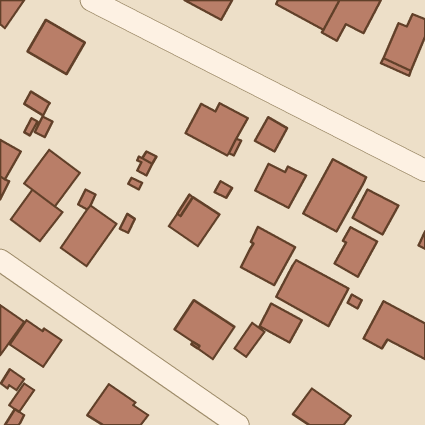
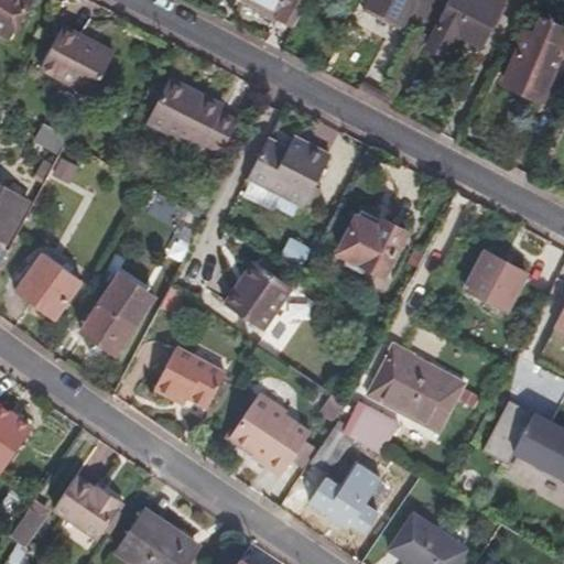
building: none -> [144,77,235,153]
building: [255,117,287,152] -> none
building: [24,150,80,206] -> none
building: [303,159,366,232] -> none
building: [241,227,295,285] -> none
building: [334,227,377,277] -> none
building: none -> [154,349,224,408]
building: [10,320,62,367] -> [53,474,121,535]
building: none -> [310,464,386,530]

